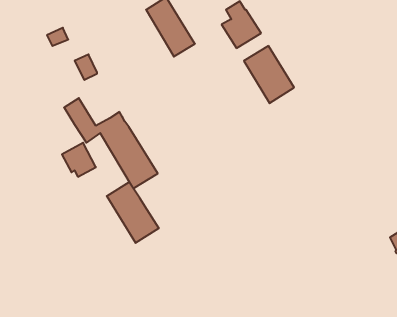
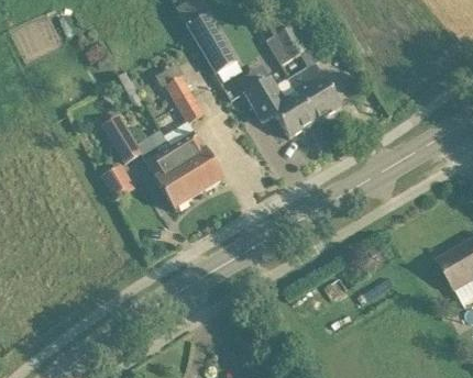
building: none -> [243,75,315,136]
building: none -> [165,76,204,122]
building: [107,182,159,243] -> [169,131,223,193]

